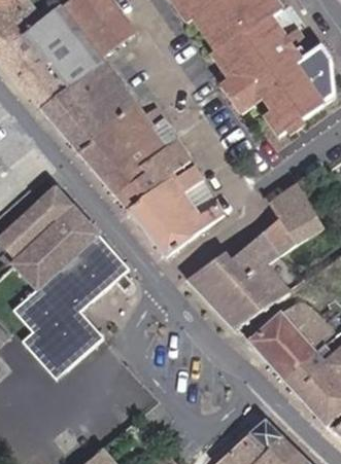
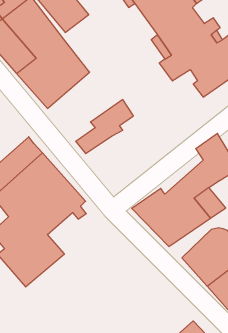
building: [80,104,176,192] -> none
building: [129,167,223,253] -> none

